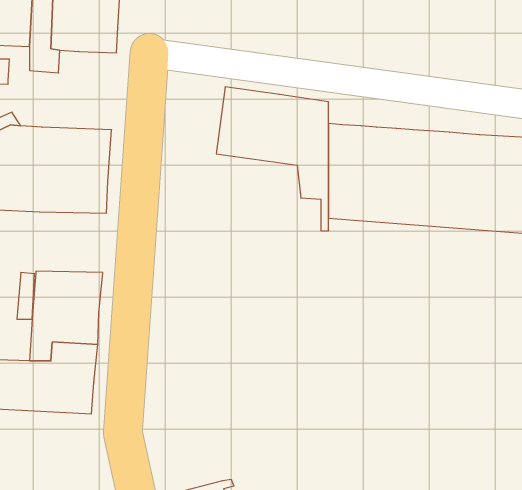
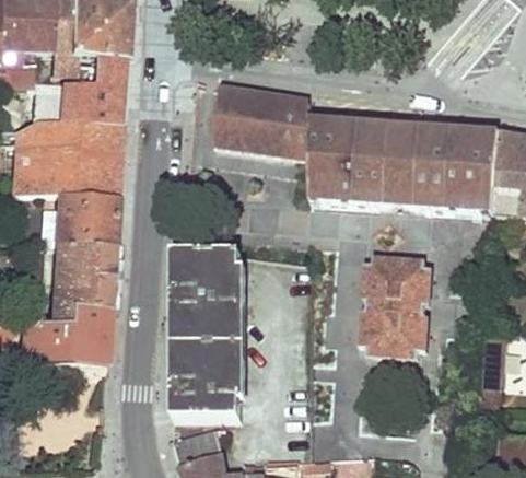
building: none -> [48,53,128,120]
building: none -> [58,191,119,244]
building: none -> [175,249,243,415]
building: none -> [366,257,426,347]

